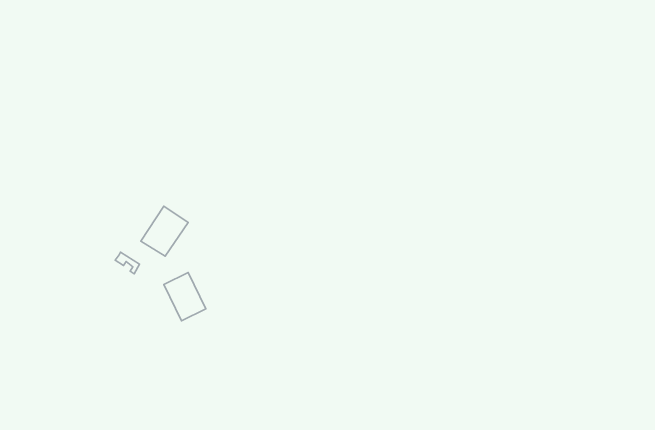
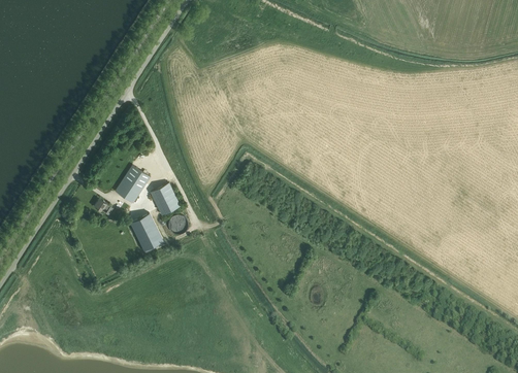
building: none -> [150,183,180,216]

